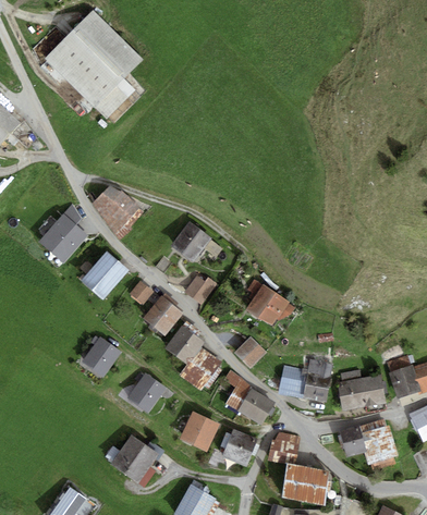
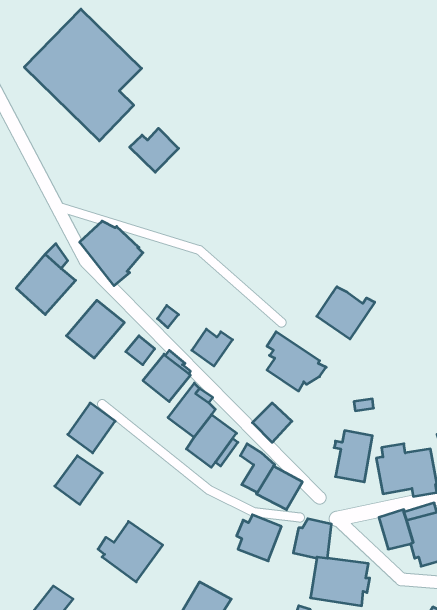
building: none -> [130,128,179,172]
building: [169,220,211,262] -> none
building: none -> [317,287,375,339]
building: [278,365,306,396] -> none
building: [126,372,166,413] -> [55,456,102,504]
building: [179,410,219,451] -> none

